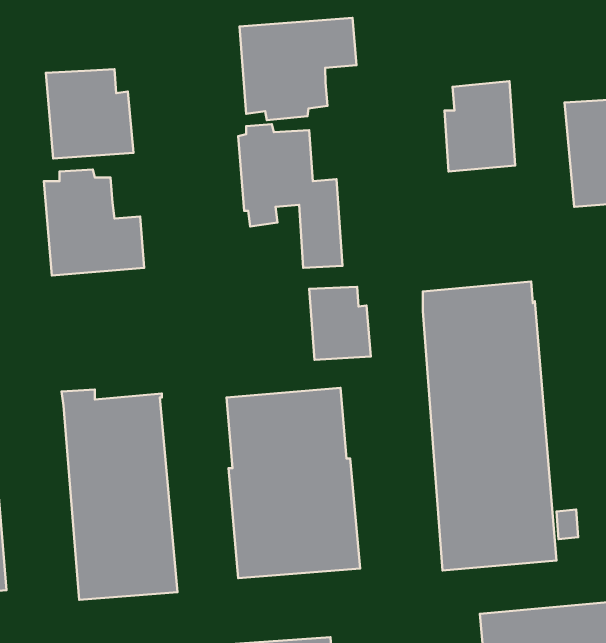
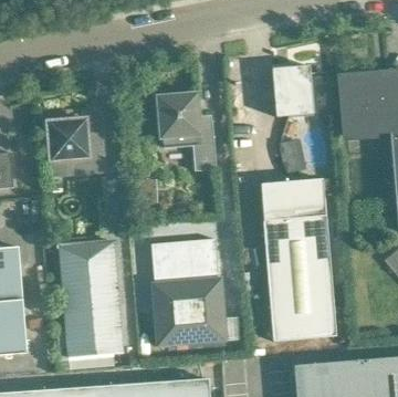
building: [239,18,356,120] -> none
building: [46,69,133,158] -> none
building: [309,287,371,360] -> none

